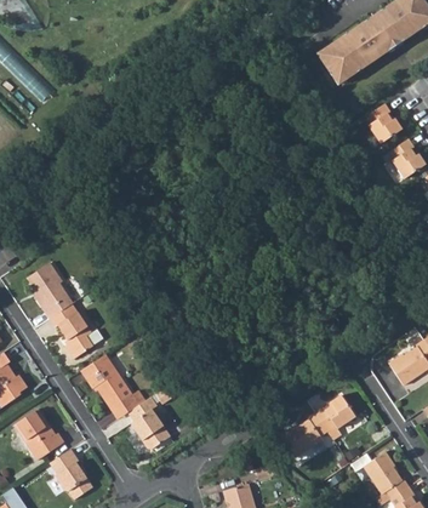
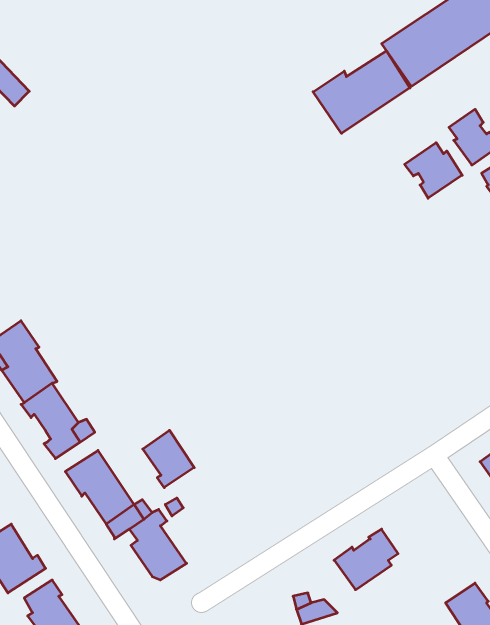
building: none -> [313,51,410,133]
building: none -> [405,143,462,198]
building: none -> [143,430,194,488]
building: [315,394,355,439] -> none

